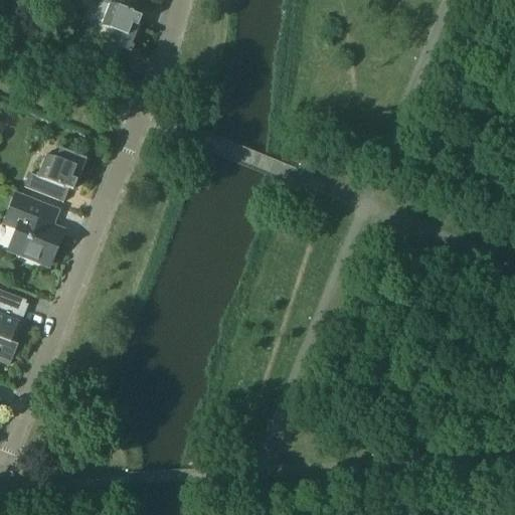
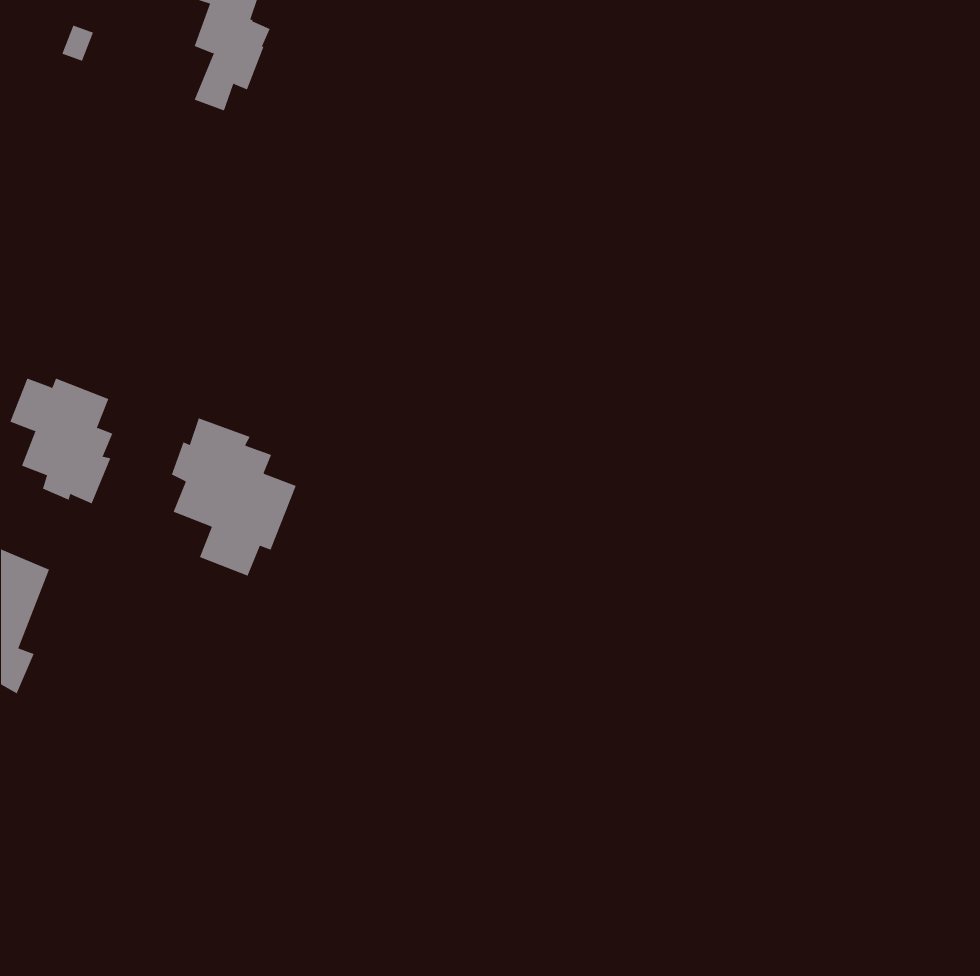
building: [24,147,87,201] -> none
building: none -> [171,418,296,577]

